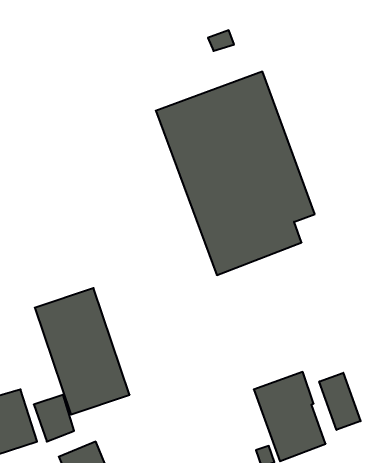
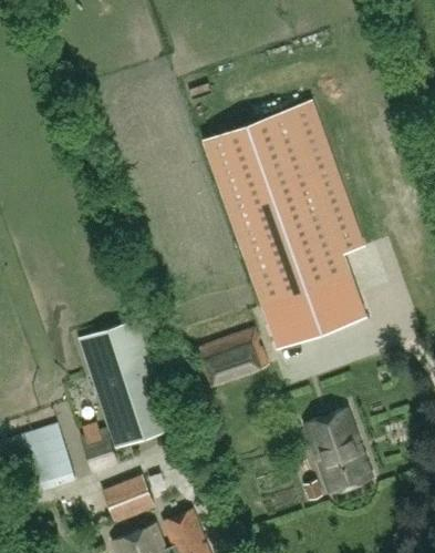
building: none -> [263,274,365,347]
building: none -> [193,326,270,386]
building: [319,373,361,430] -> none

